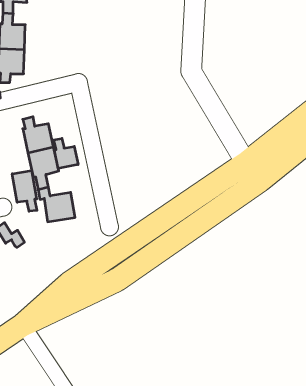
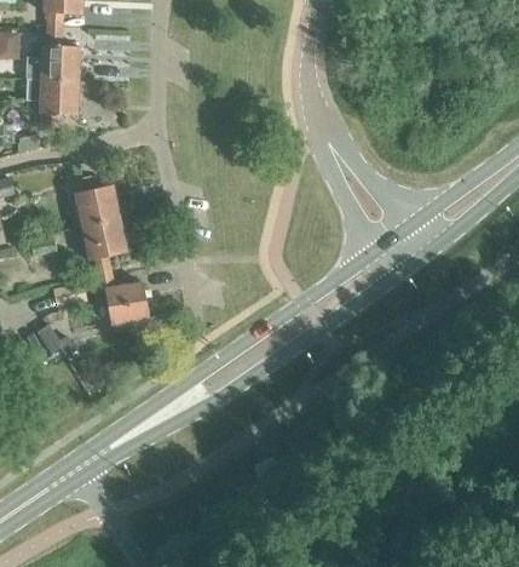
building: [54,138,78,169] -> none
building: [12,170,37,211] -> none

